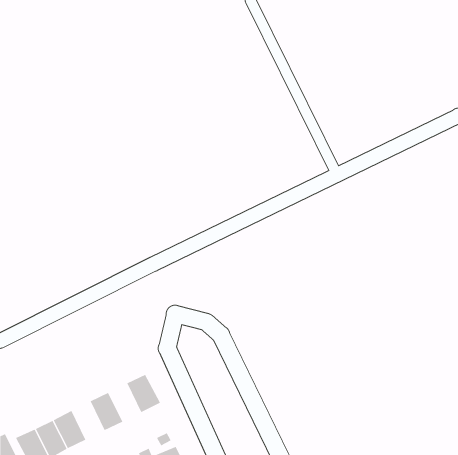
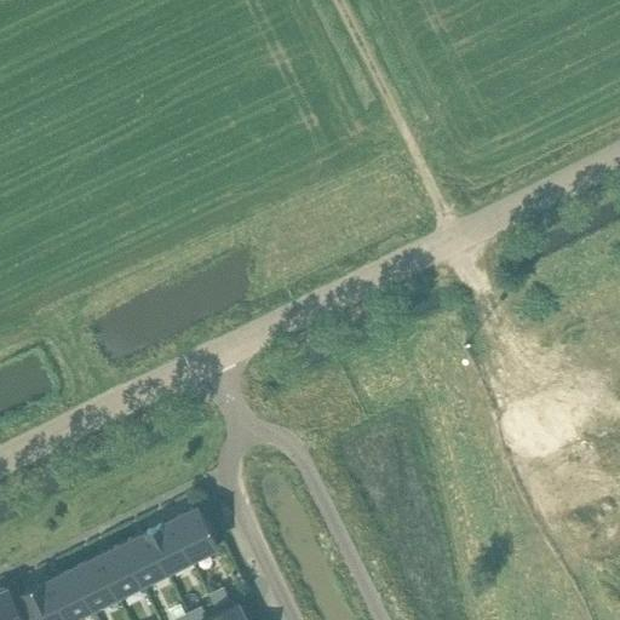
building: none -> [147,522,190,574]
building: none -> [97,546,140,598]

